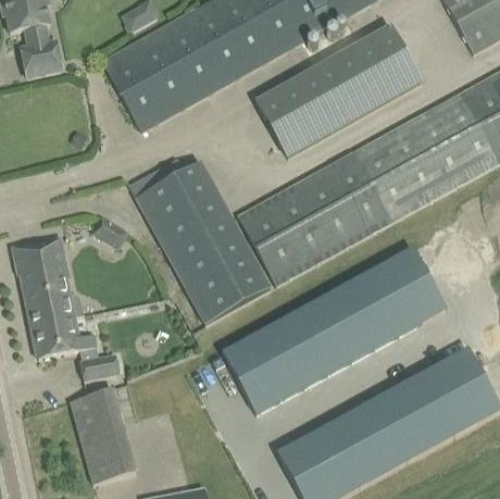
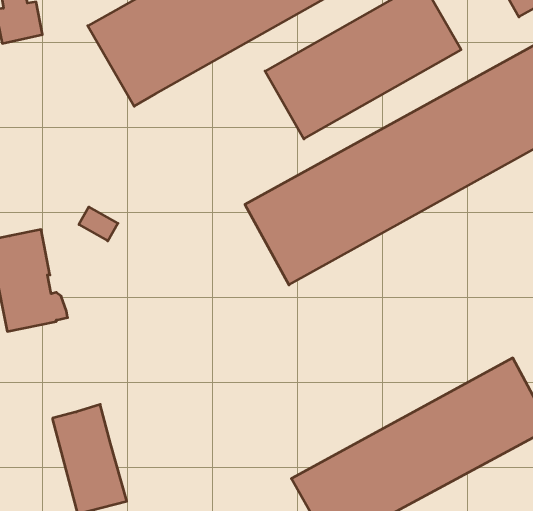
building: [136,162,272,325] -> none
building: [223,247,447,413] -> none
building: [32,316,118,379] -> none

